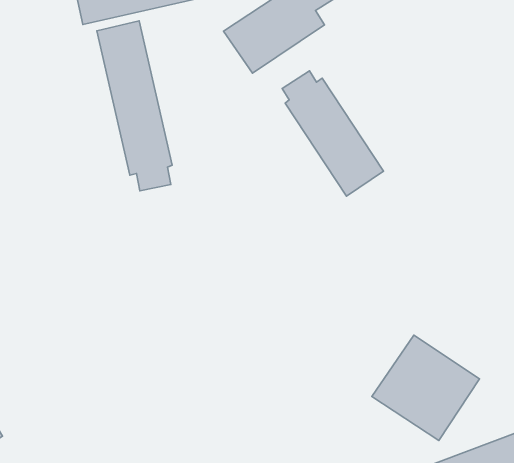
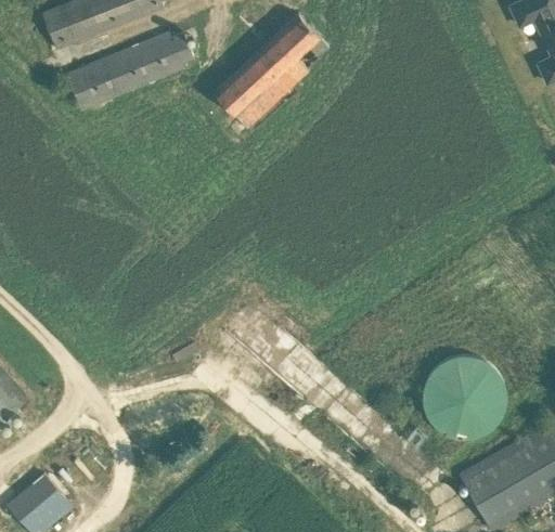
building: [97,21,172,191] -> none
building: [282,71,384,196] -> none

